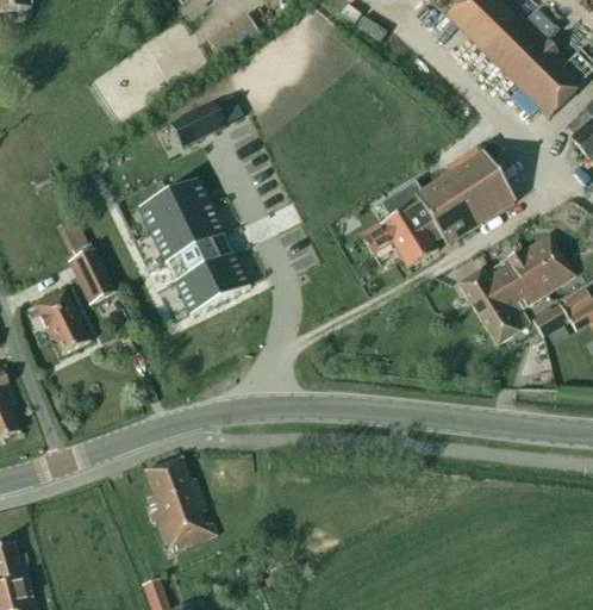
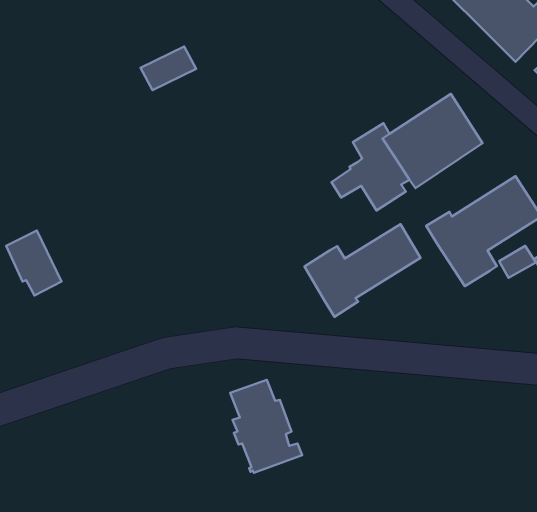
building: [137,178,249,313] -> none
building: [68,248,114,303] -> none
building: none -> [305,224,420,317]
building: [144,456,217,550] -> [230,380,302,473]

